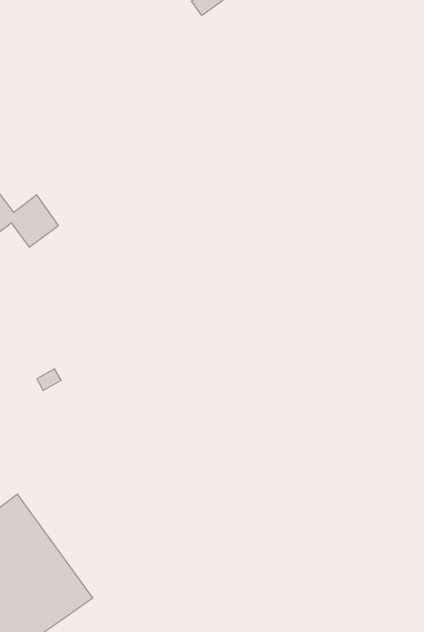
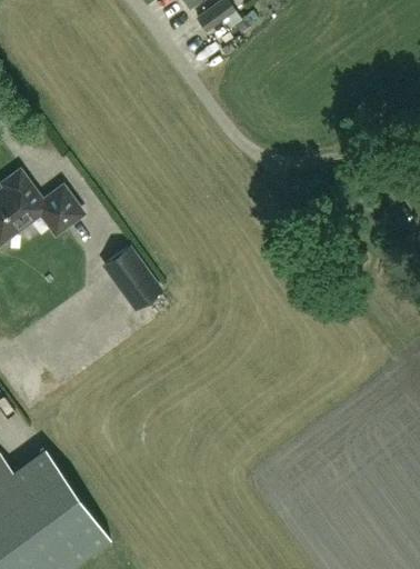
building: none -> [103,247,159,309]

